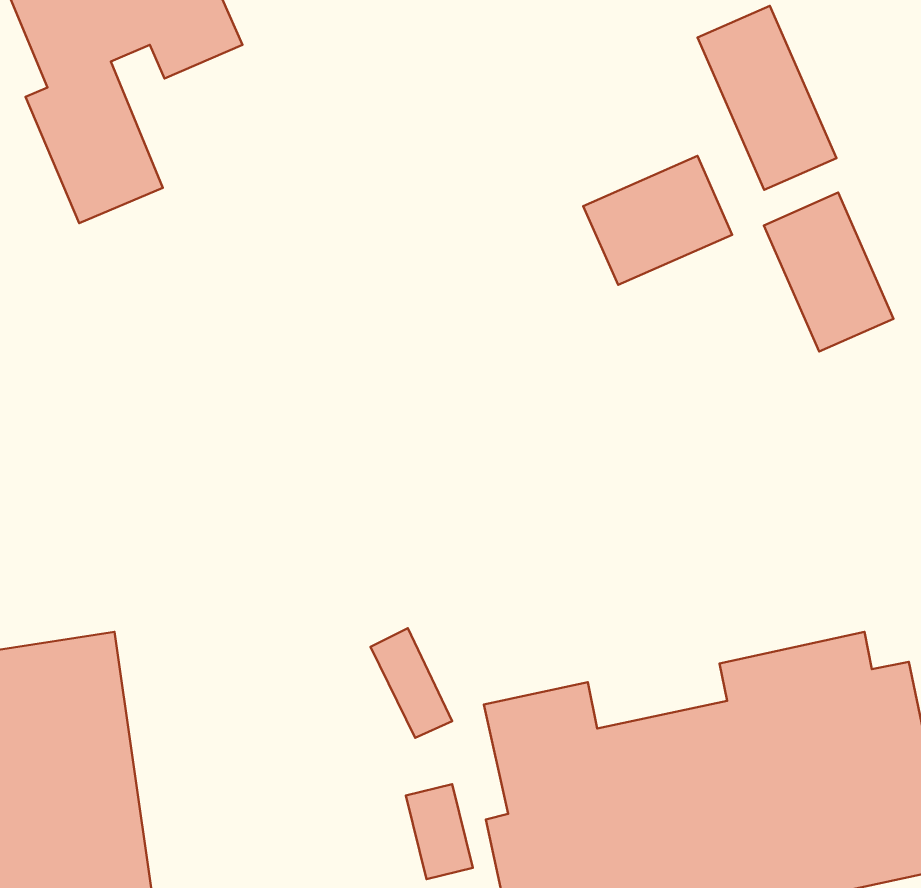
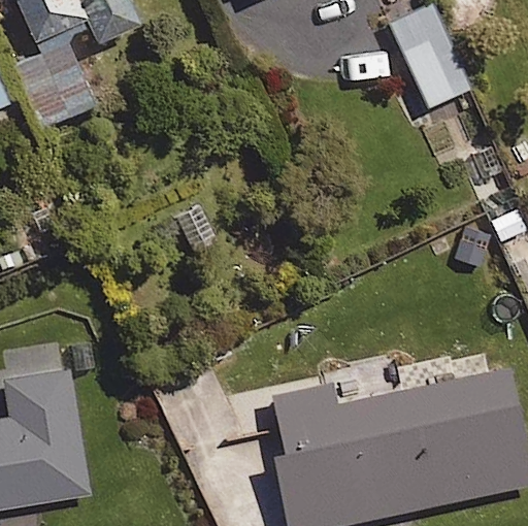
building: [583,156,732,285] -> none
building: [764,193,893,352] -> none

